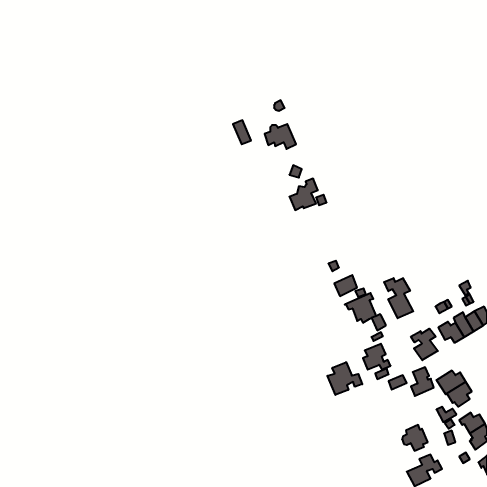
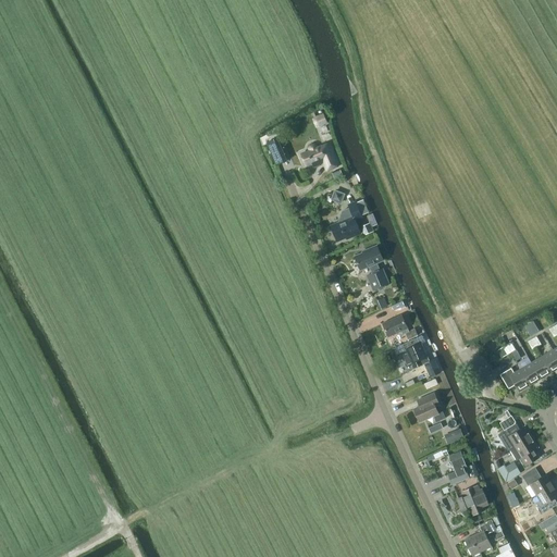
building: none -> [354,246,388,288]
building: [384,278,413,318] -> none
building: [411,329,438,360] -> none
building: [327,362,362,395] -> none
building: [411,367,434,396] -> [447,451,473,484]

